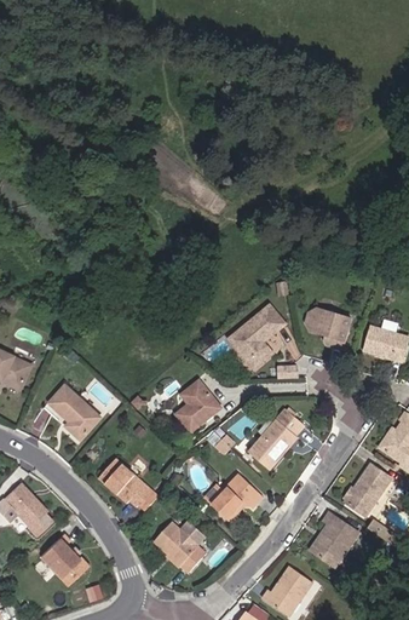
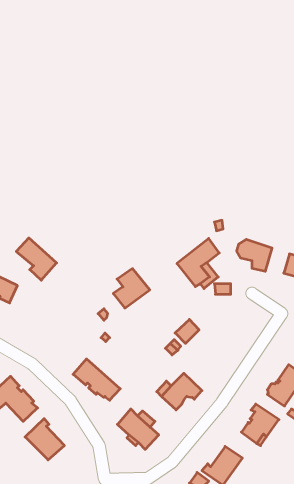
building: [175,381,221,431] -> [113,269,150,308]
building: [47,385,98,438] -> [16,238,57,280]
building: [248,411,304,471] -> none

